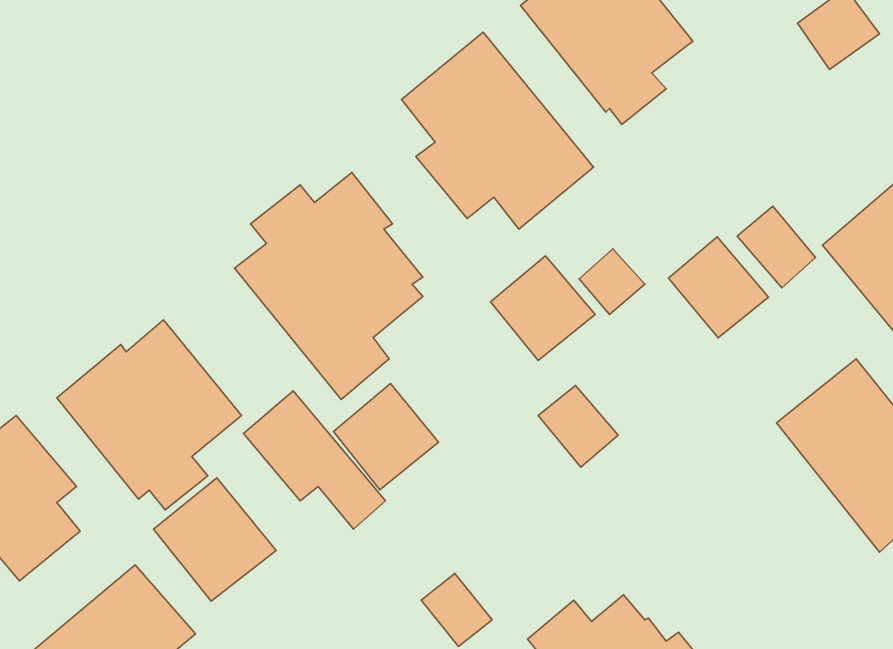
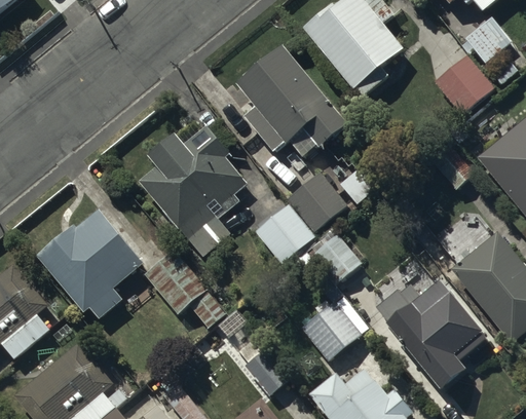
building: none -> [434,55,493,115]
building: [668,237,769,338] -> none
building: [334,383,438,490] -> [254,203,314,265]
building: none -> [376,278,482,388]
building: none -> [300,295,368,361]
building: [154,478,276,601] -> none

